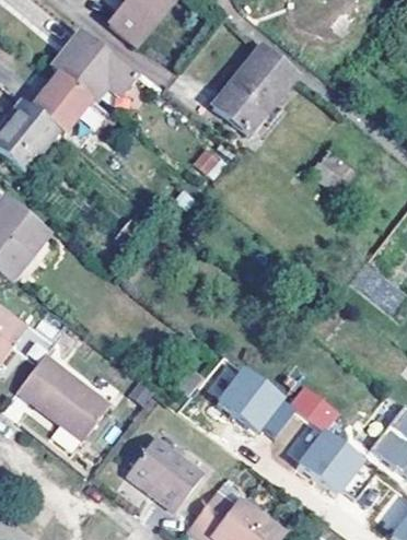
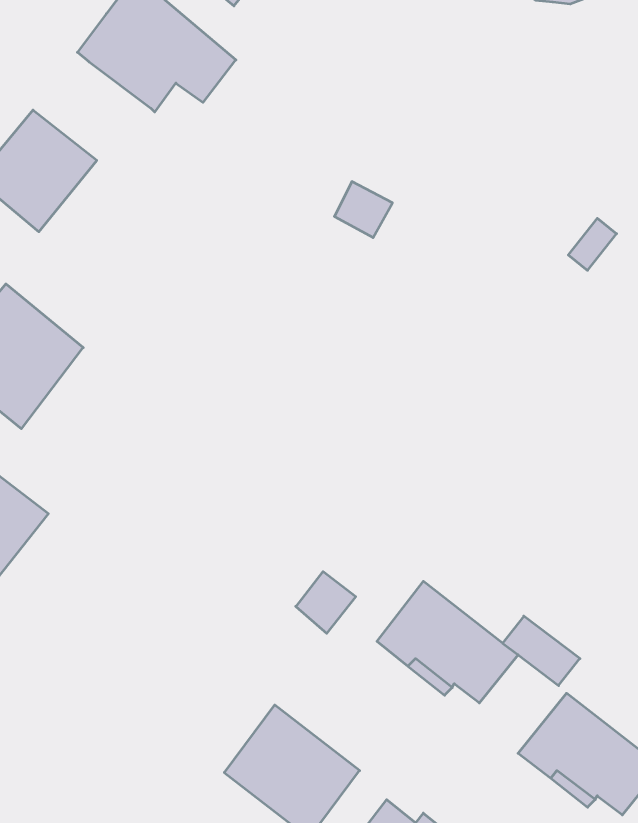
building: [211,43,293,129] -> none
building: [21,72,88,131] -> none
building: [21,356,113,442] -> none

